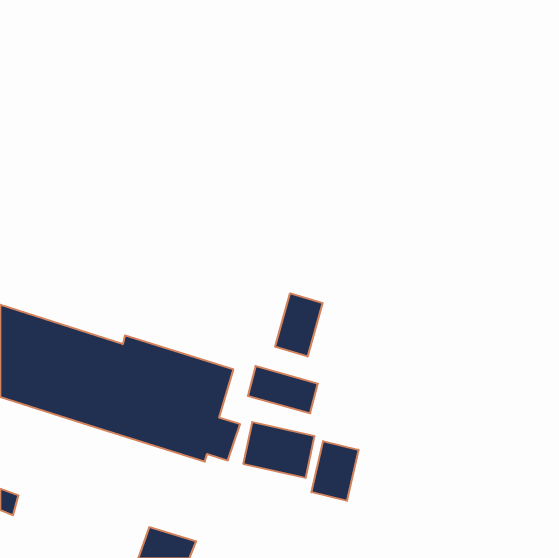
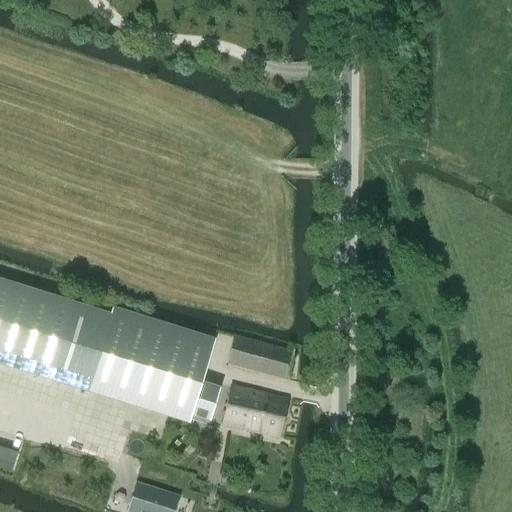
building: [275,293,323,357] -> none
building: [311,441,359,501] -> none

